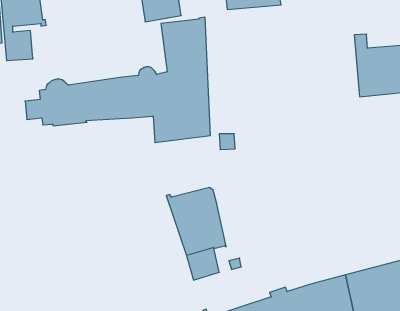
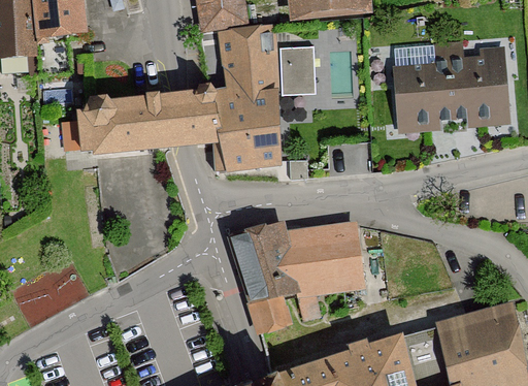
building: none -> [394,45,454,123]
building: none -> [280,47,314,95]
building: none -> [287,232,362,293]

